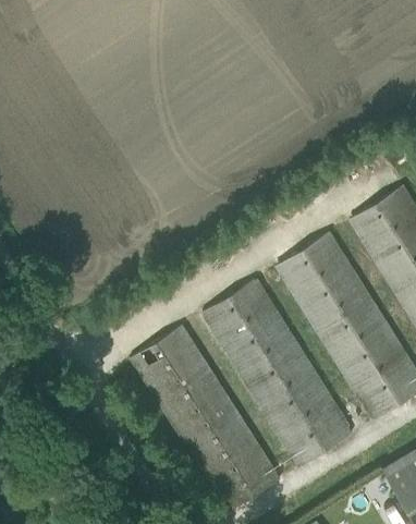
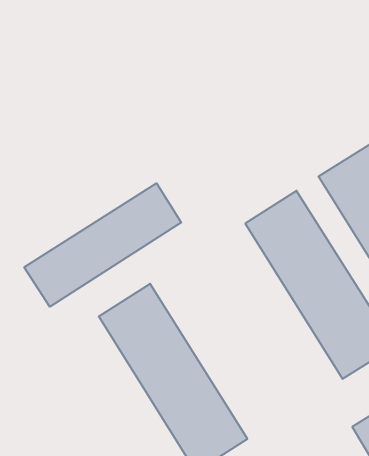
building: none -> [24,183,181,307]
building: [204,280,353,467] -> none

